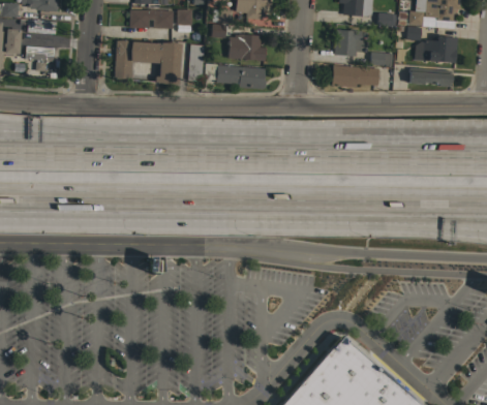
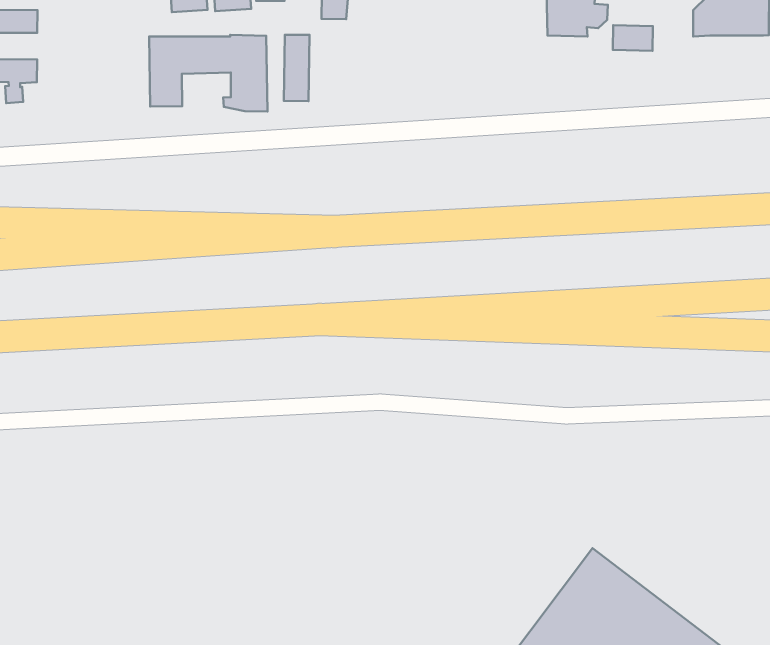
building: [229,33,266,60] -> none
building: [205,62,267,89] -> none
building: [332,64,379,87] -> none
building: [408,67,452,86] -> none

